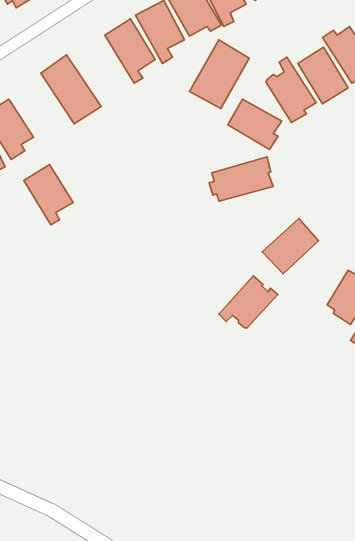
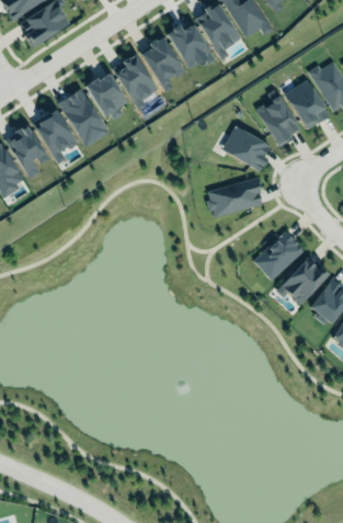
building: none -> [87,72,129,124]
building: [189,40,249,109] -> none
building: [24,164,73,225] -> [35,111,79,164]
building: [219,276,278,328] -> [277,258,330,304]

